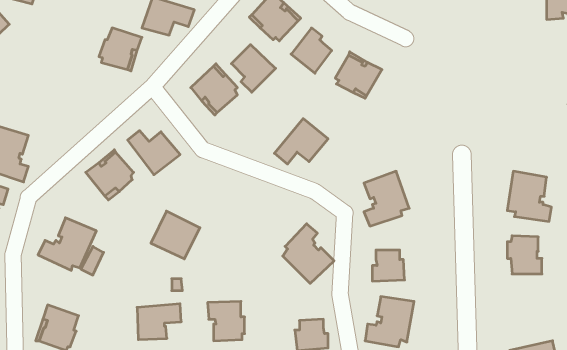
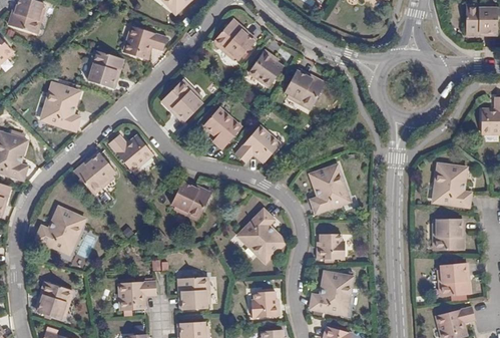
building: [231,45,276,92] -> [205,106,242,146]
building: none -> [44,80,79,125]
building: [151,211,200,259] -> [166,178,207,218]
building: none -> [435,266,465,300]

